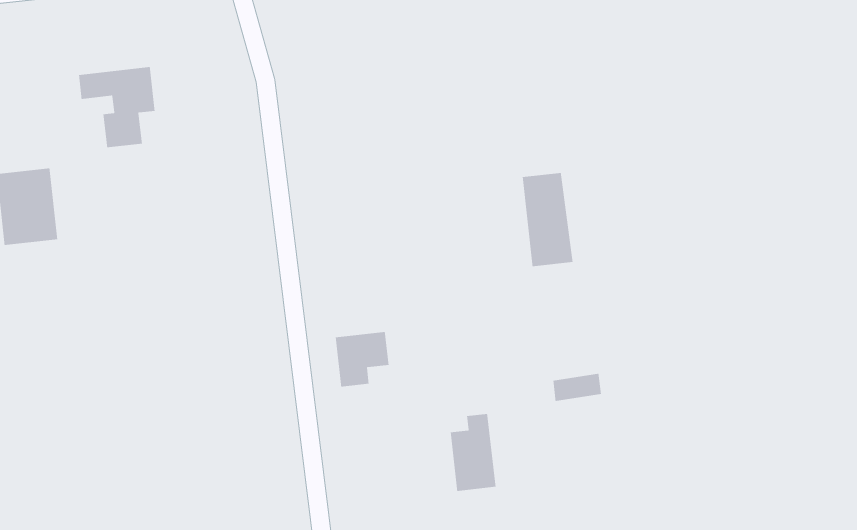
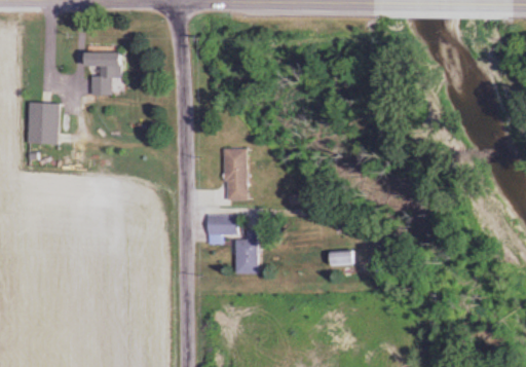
building: [522,172,574,267] -> [223,148,247,199]
building: [450,413,496,492] -> [235,231,258,273]

